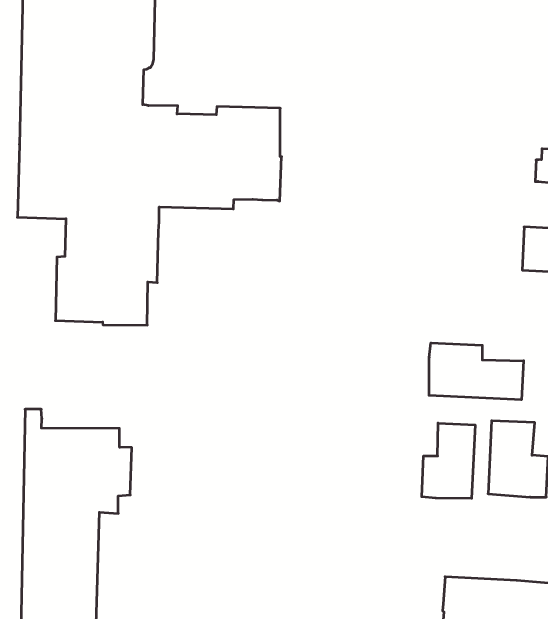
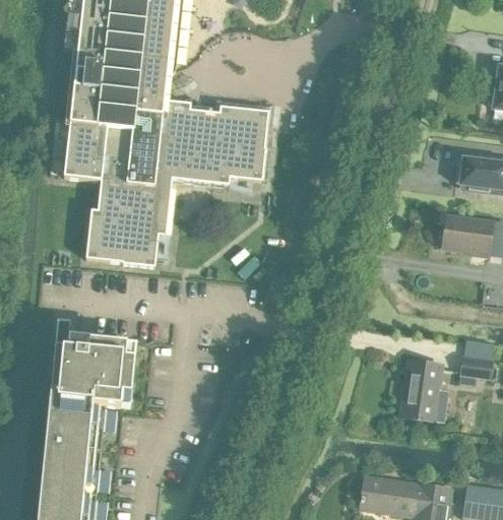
building: [429,343,524,400] -> none
building: [422,423,475,498] -> none

